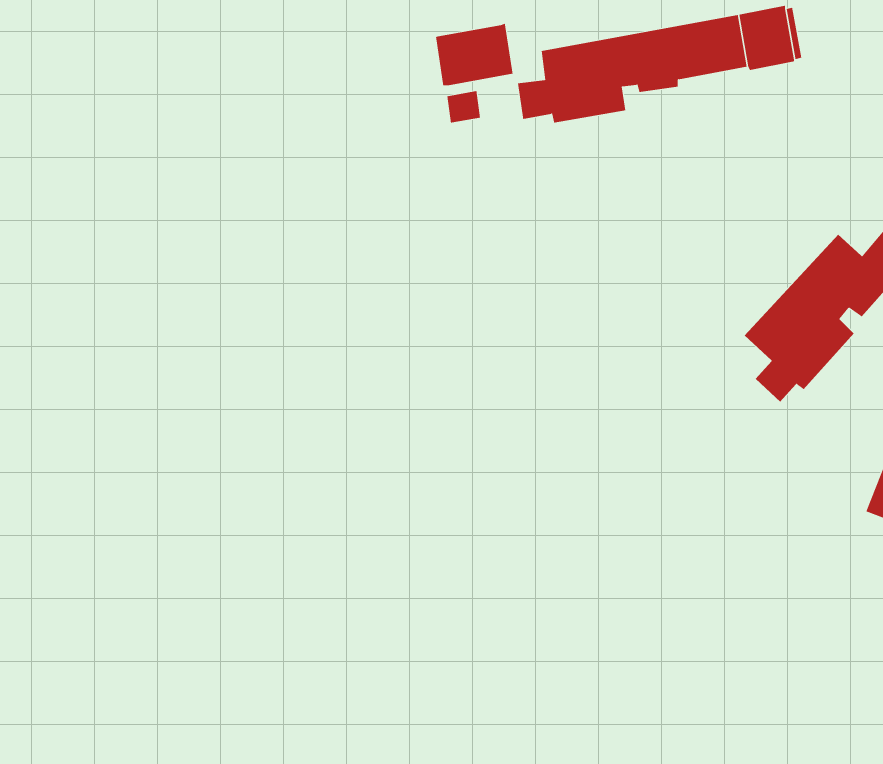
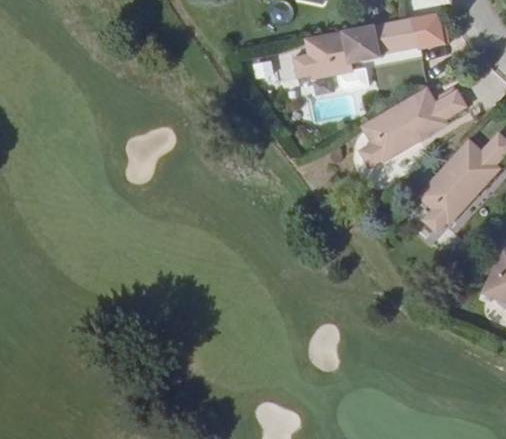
building: [435,23,513,86] -> none
building: none -> [359,87,466,167]

